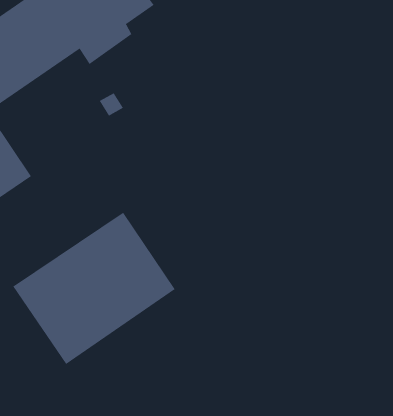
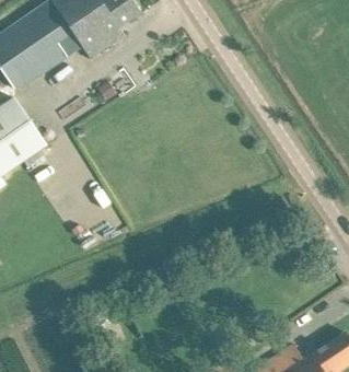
building: [12,212,176,365] -> none

